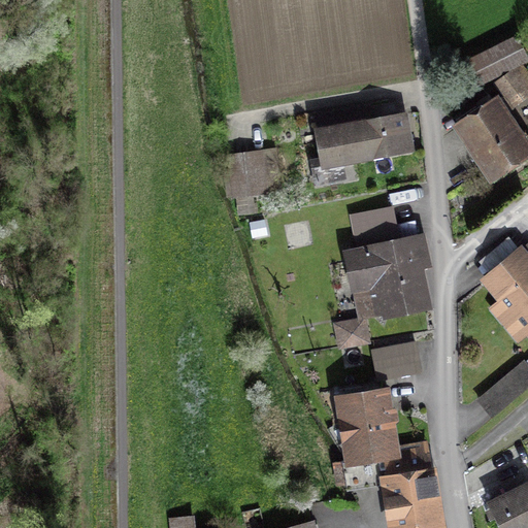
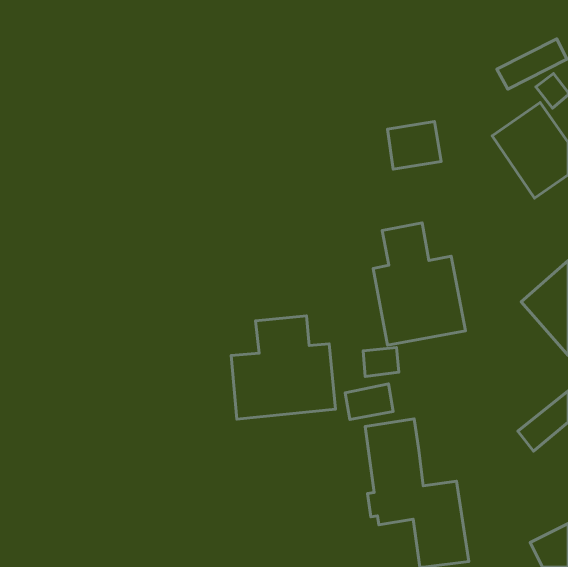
building: [310,120,364,185] -> none
building: [228,153,269,214] -> none
building: none -> [231,316,336,419]
building: [372,341,417,374] -> [345,384,393,419]

